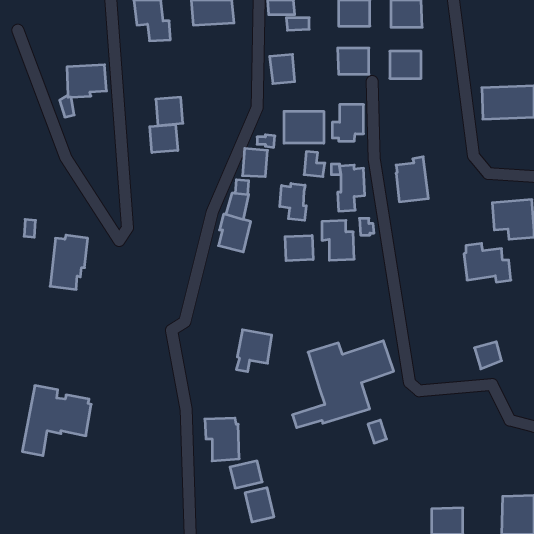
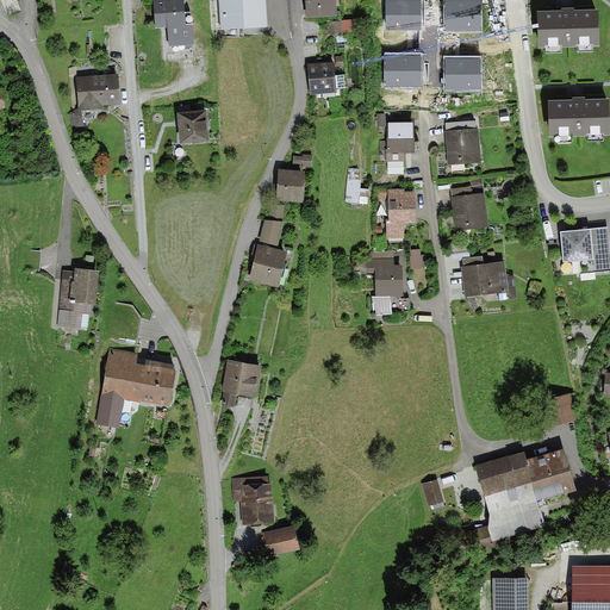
building: none -> [536,8,599,48]
building: none -> [444,120,481,166]
building: [284,111,324,143] -> none
building: [150,125,178,153] -> none
building: [280,183,306,220] -> none
building: [285,235,313,261] -> none
building: [464,243,511,282] -> [462,256,516,300]
building: [236,330,272,372] -> [220,360,261,407]
building: [292,341,394,428] -> [455,448,571,547]
building: [22,386,91,456] -> [97,349,175,429]
building: [245,488,274,522] -> none

